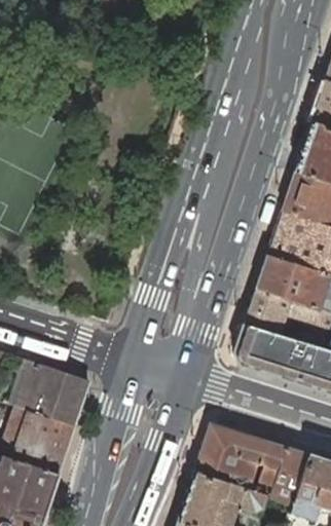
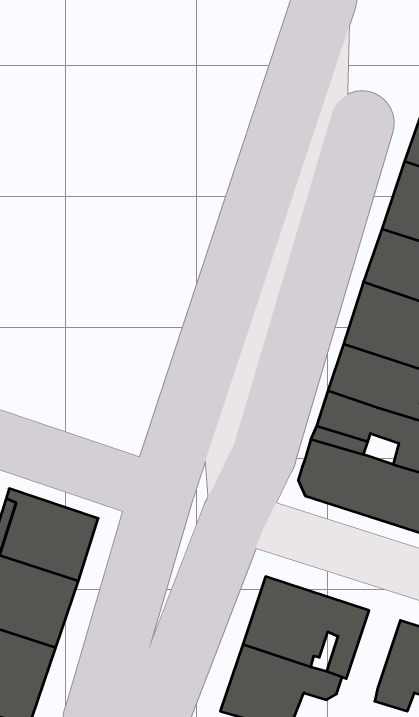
building: [269,447,308,503] -> none

